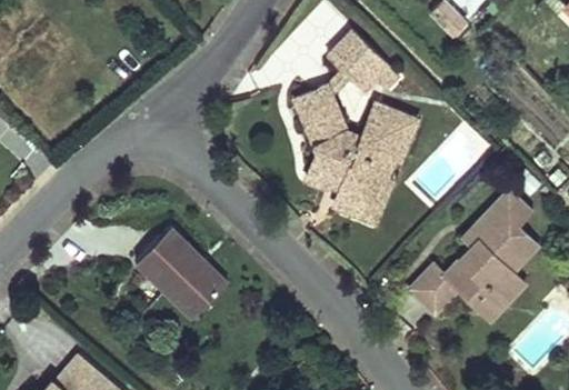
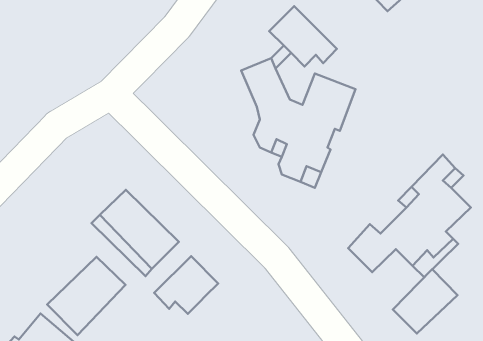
building: none -> [154,256,218,314]
building: none -> [47,257,125,335]
building: none -> [393,269,457,333]

